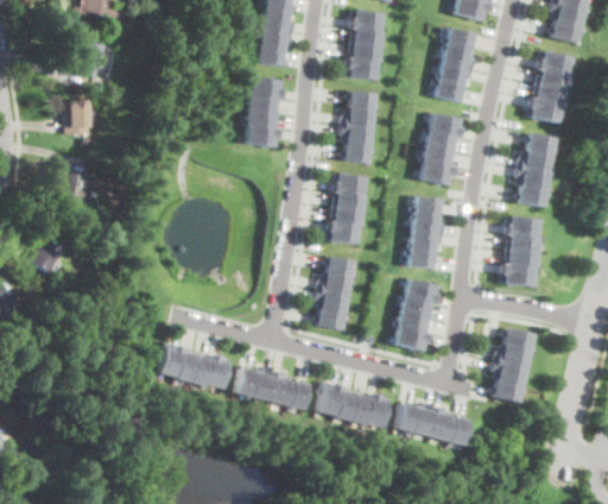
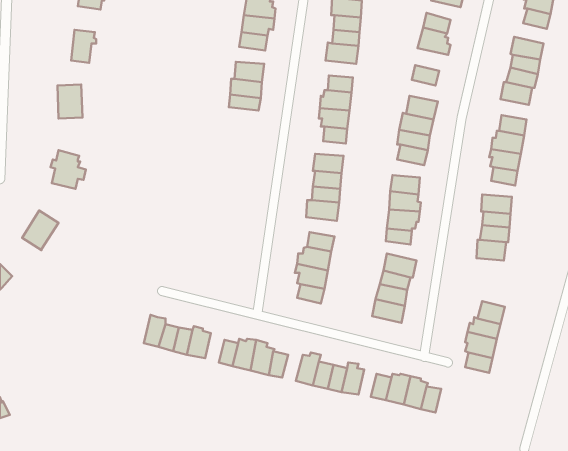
building: [441,63,475,87] -> none
building: [243,125,277,146] -> none

